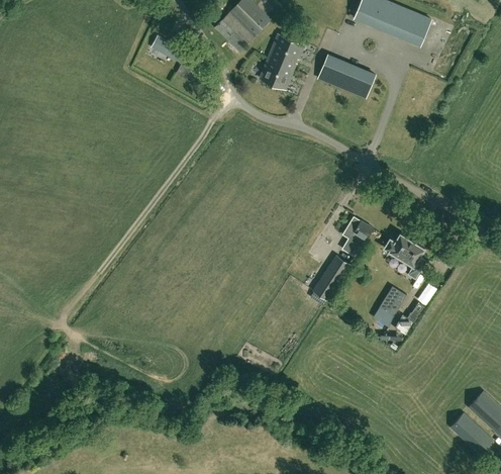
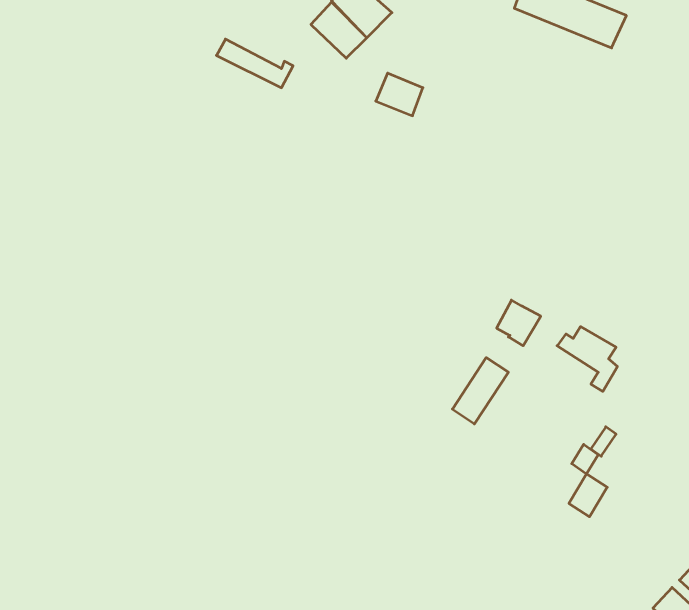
building: [268,34,303,70] -> none
building: [318,56,375,97] -> none
building: [379,286,405,315] -> [569,474,607,517]

